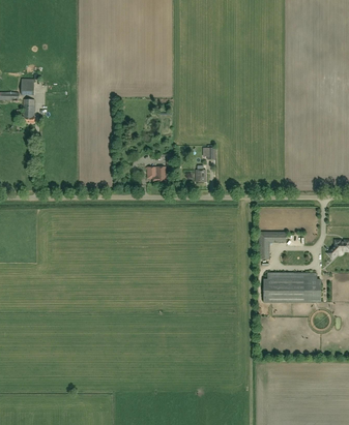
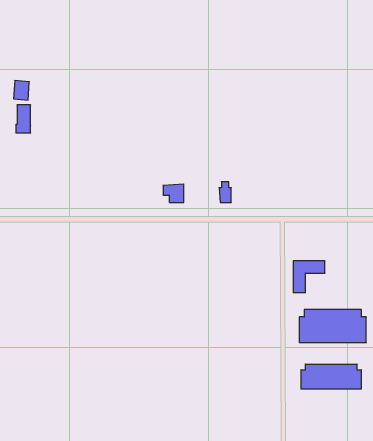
building: none -> [301,364,361,389]

